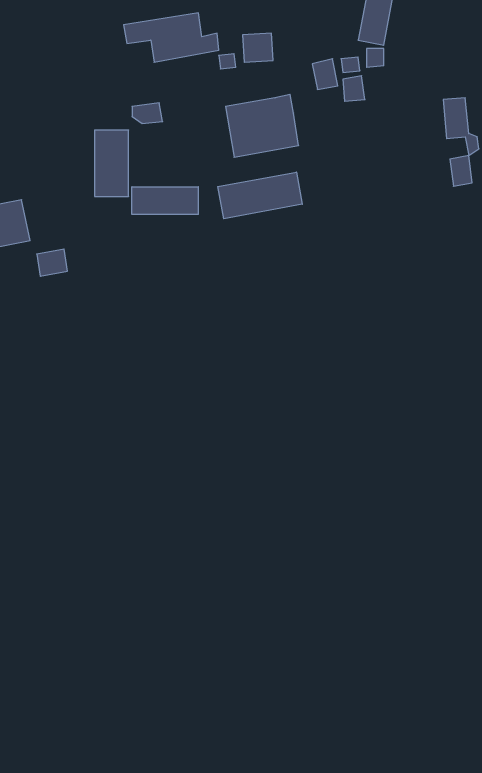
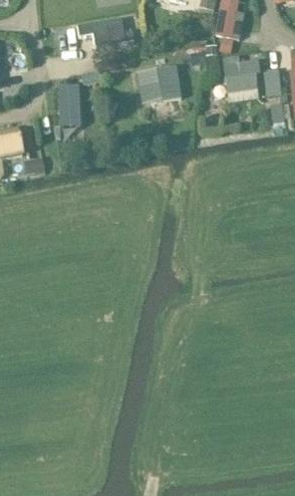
building: none -> [222,55,259,90]
building: [218,172,302,219] -> none
building: [132,187,198,214] -> none

